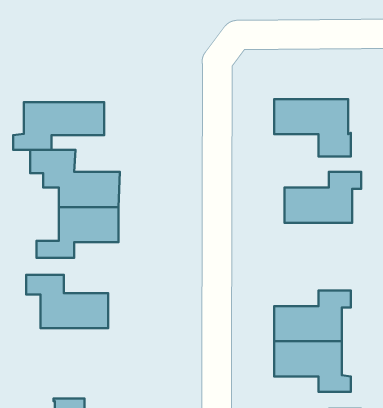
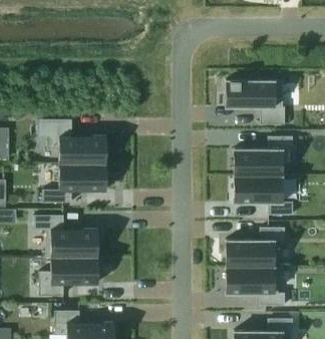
building: [13,102,104,150] -> none
building: none -> [235,176,294,215]
building: none -> [40,257,98,296]

